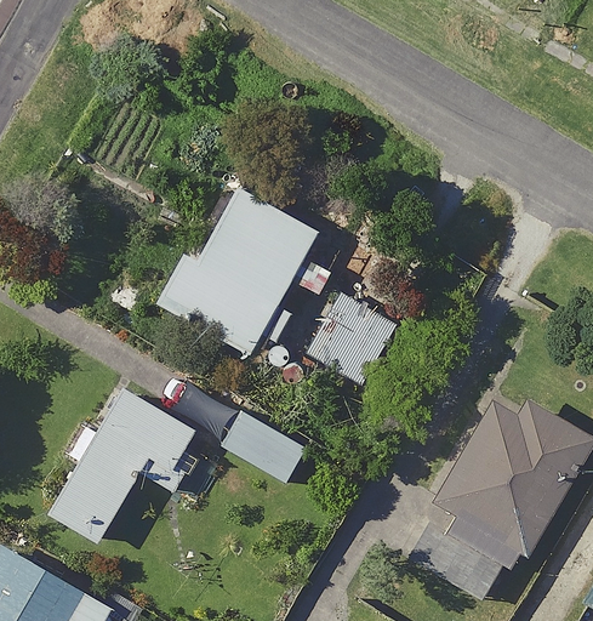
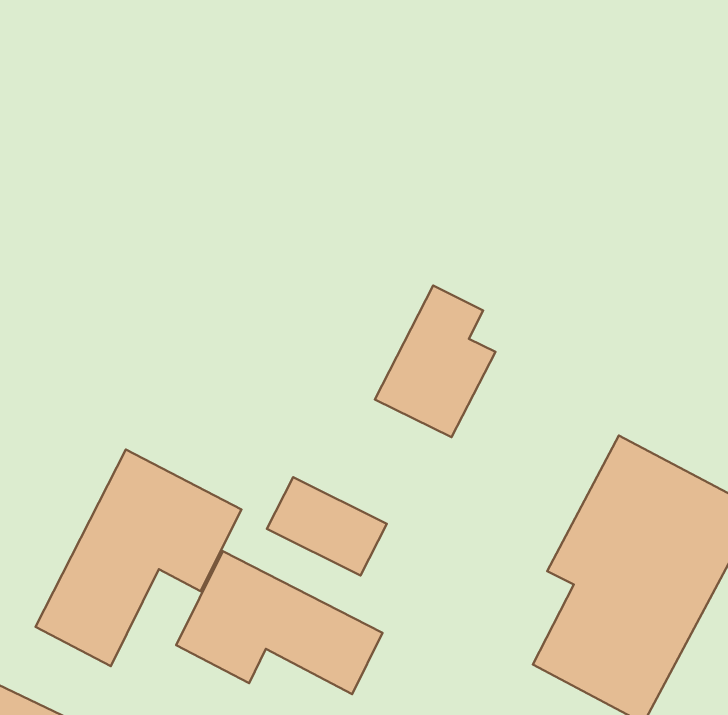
building: [155,182,320,355] -> none
building: none -> [176,551,383,694]

